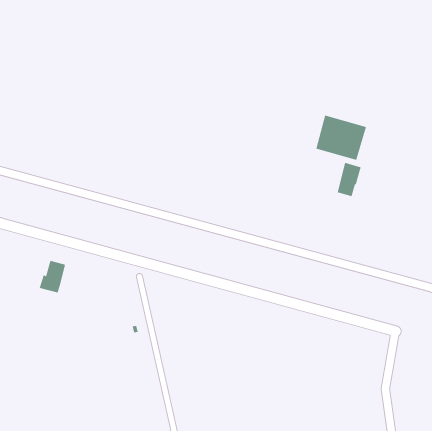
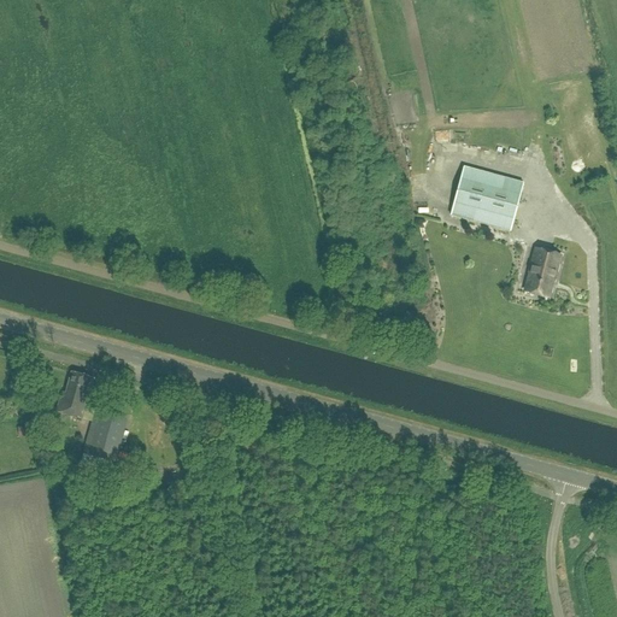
building: [337,162,361,197] -> [524,247,559,296]
building: none -> [82,411,128,471]

